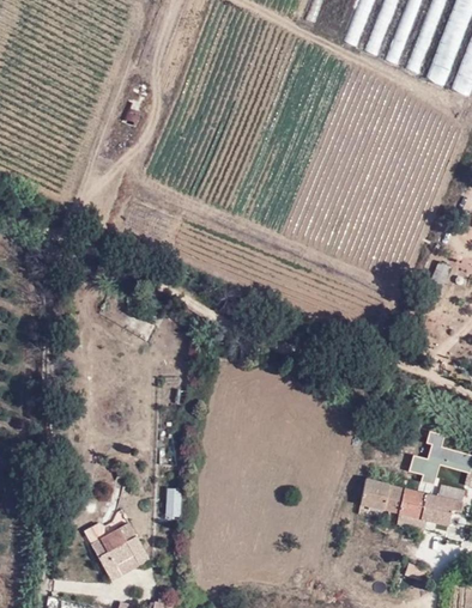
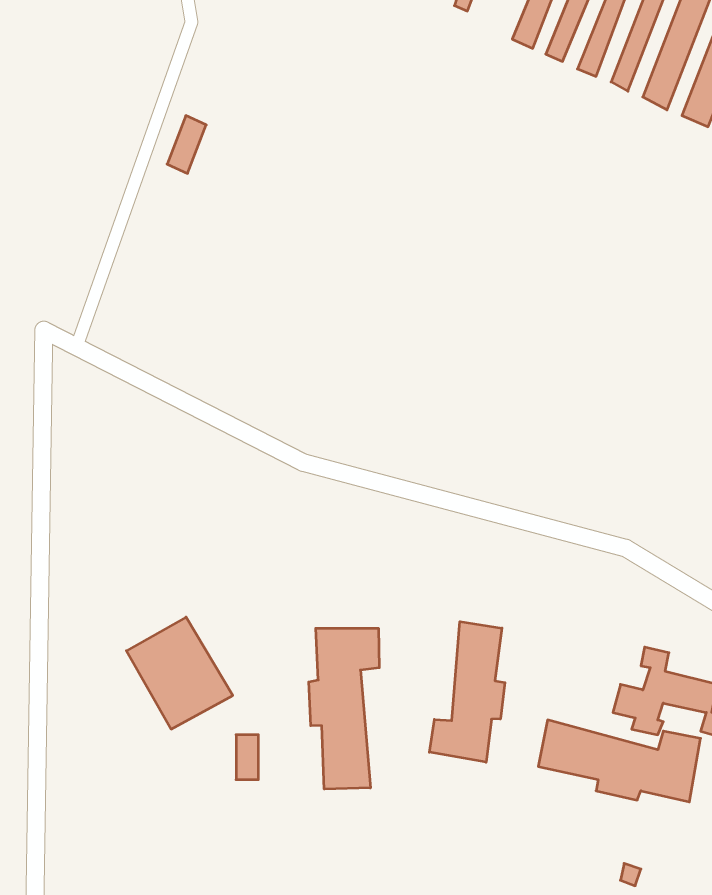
building: none -> [429,622,505,762]
building: none -> [309,628,379,789]
building: [81,509,150,580] -> [126,617,233,729]

